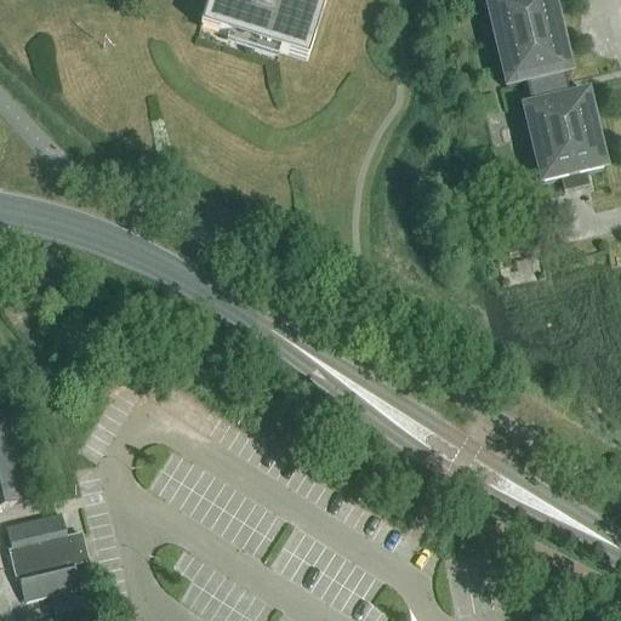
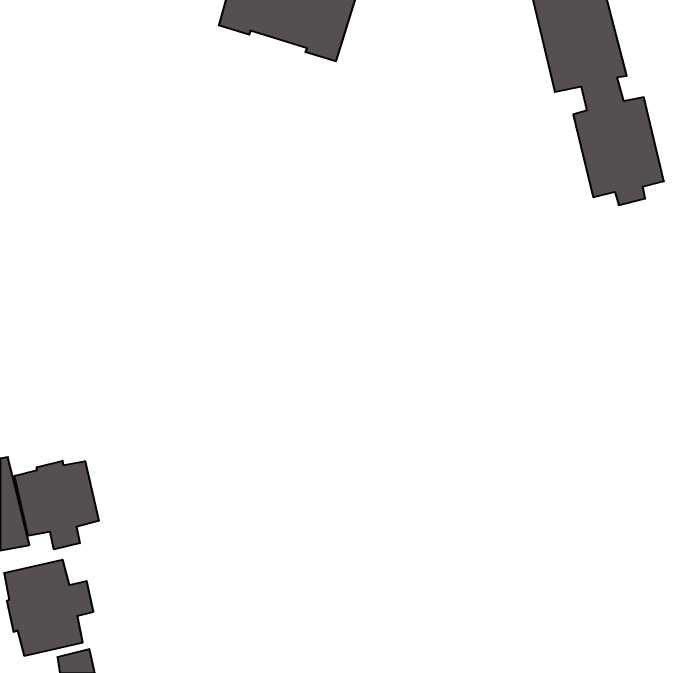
building: none -> [15,461,99,549]

